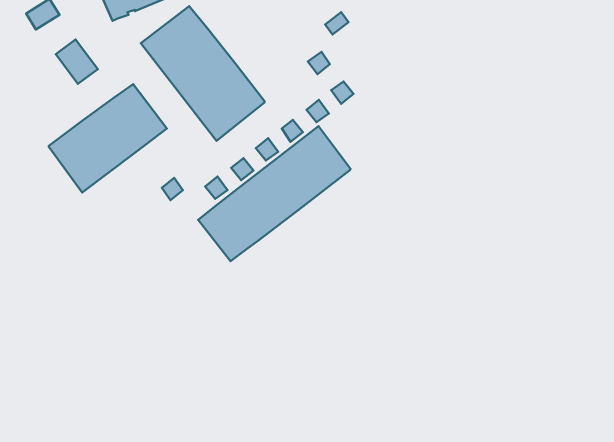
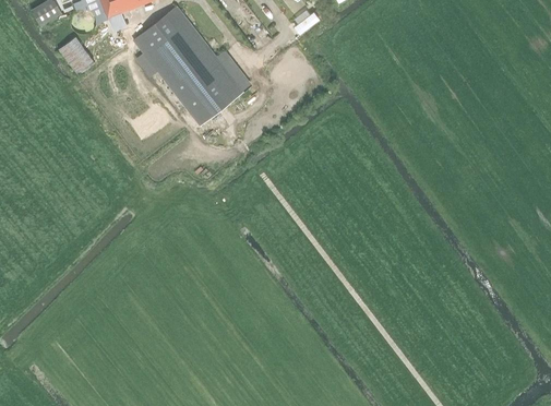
building: [49,84,167,192] -> none
building: [198,126,350,261] -> none

